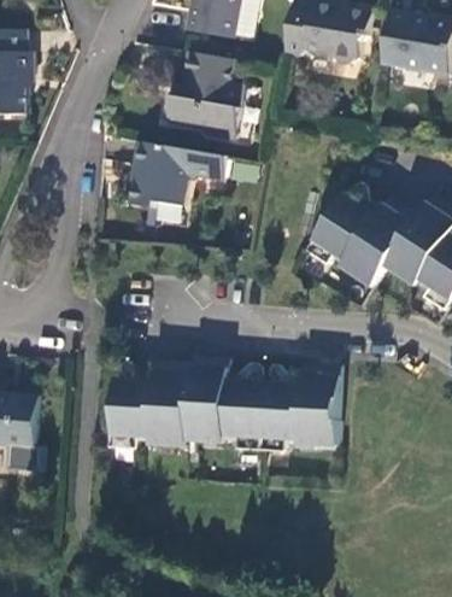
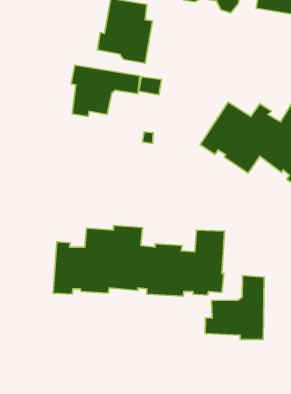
building: none -> [205,276,264,340]

